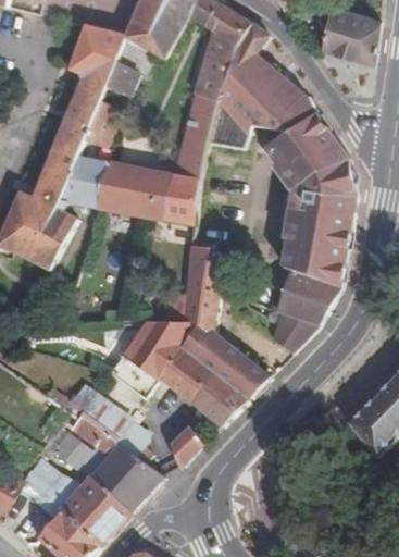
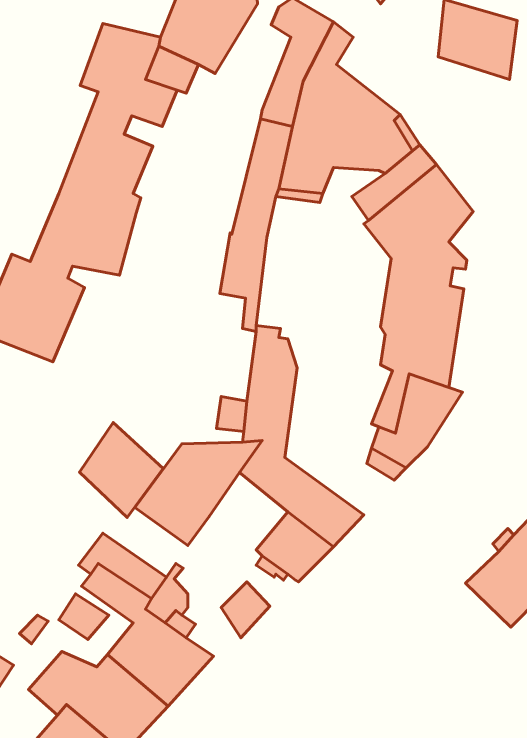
building: [96,159,175,216] -> none
building: none -> [80,423,163,517]
building: [160,345,216,400] -> none

